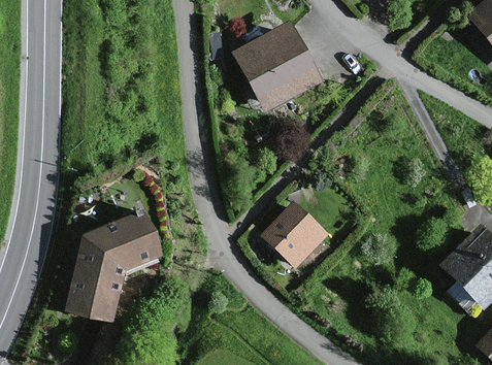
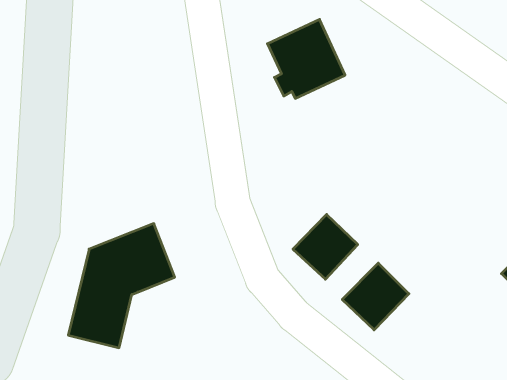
building: none -> [342,263,409,330]

